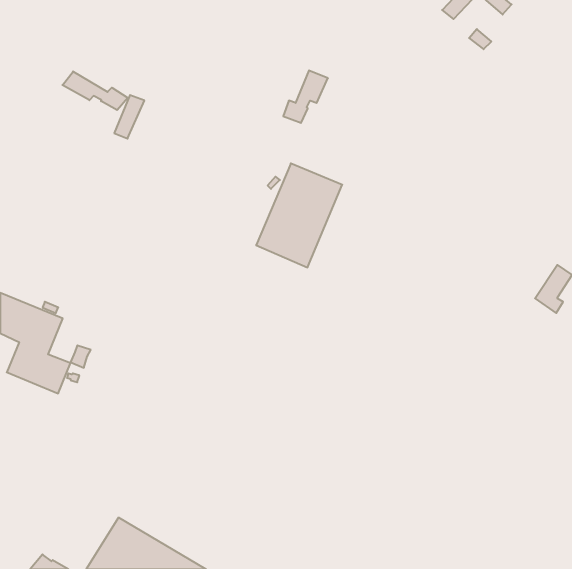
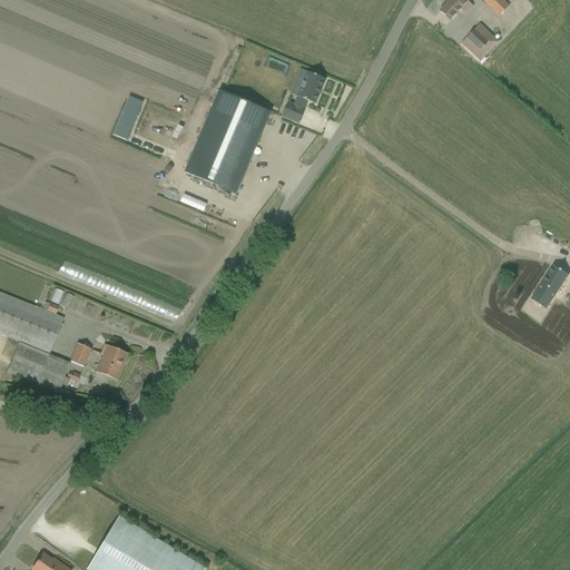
building: [62,71,128,110] -> none
building: [256,163,342,267] -> [185,89,271,193]
building: none -> [96,344,127,380]

